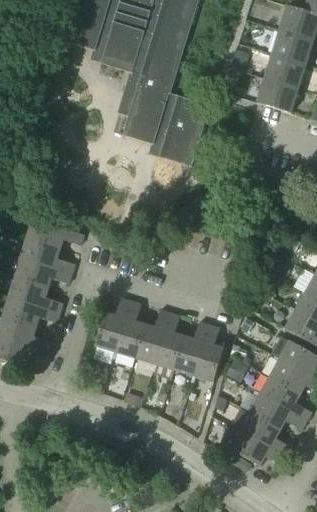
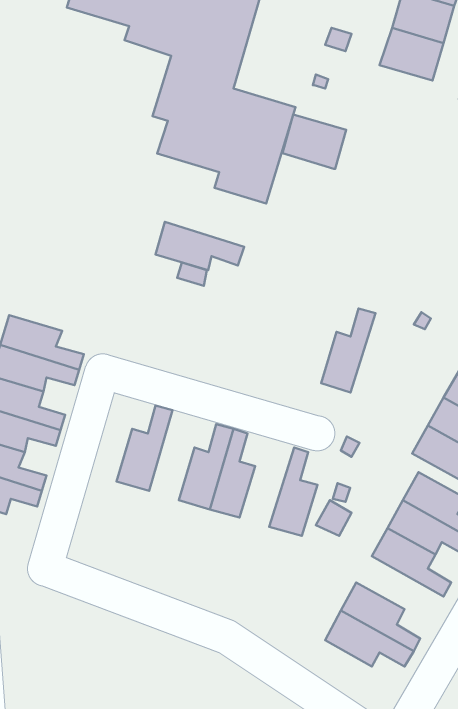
building: [258,77,299,112] -> [282,114,346,169]
building: [27,217,84,248] -> [155,222,244,270]
building: [117,299,146,357] -> none
building: [175,320,210,374] -> [321,308,376,392]
building: [250,393,306,428] -> none

